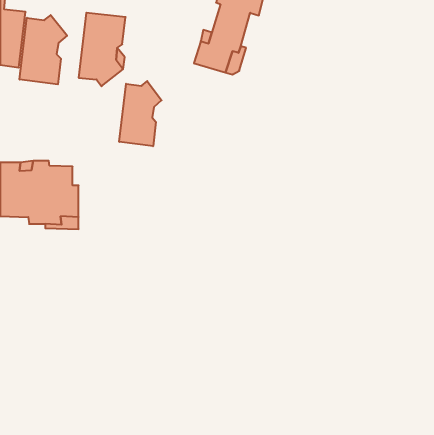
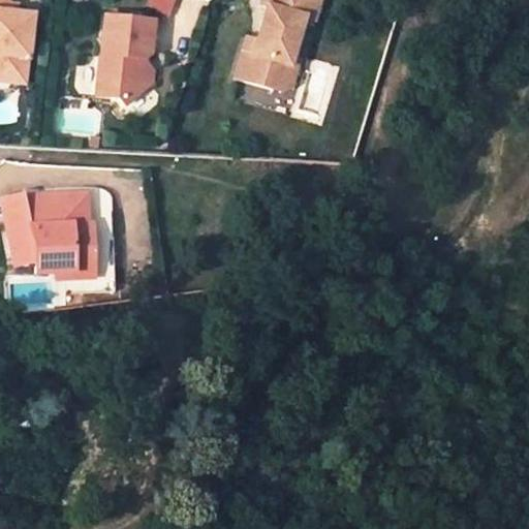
building: [20,15,67,84] -> none
building: [119,81,162,146] -> none

